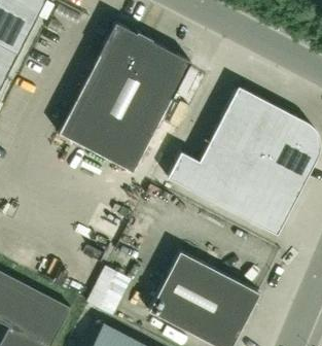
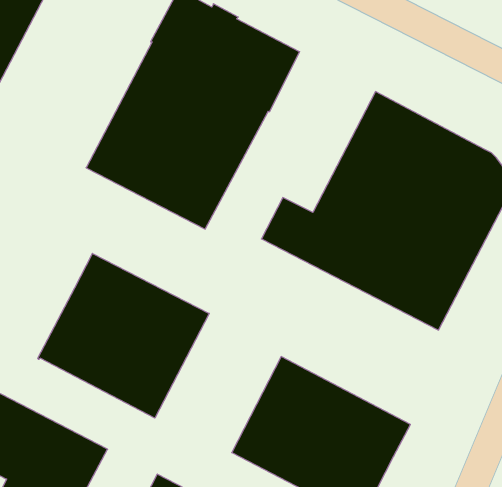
building: none -> [38,253,209,418]

